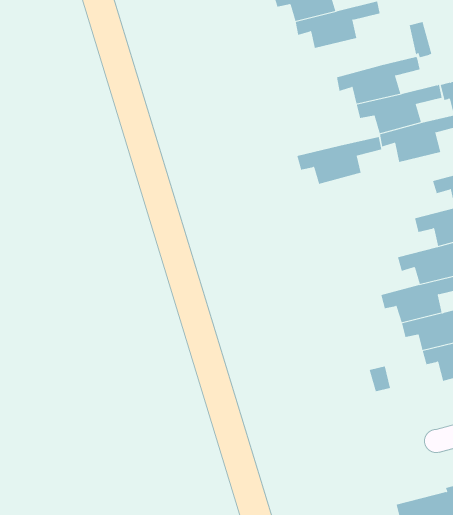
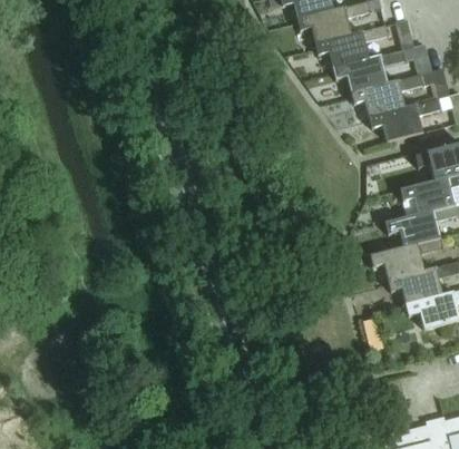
building: [297,136,382,184] -> [313,26,387,67]

